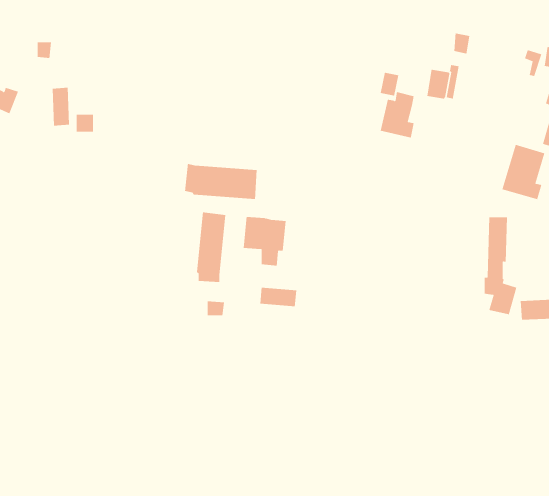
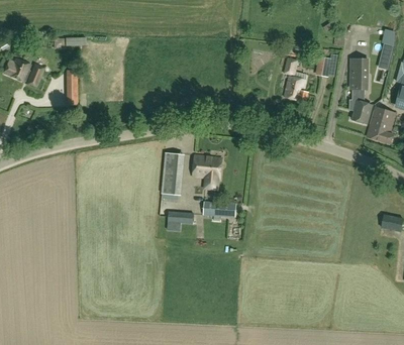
building: [185,163,257,200] -> none
building: [484,217,517,315] -> [348,59,371,124]

